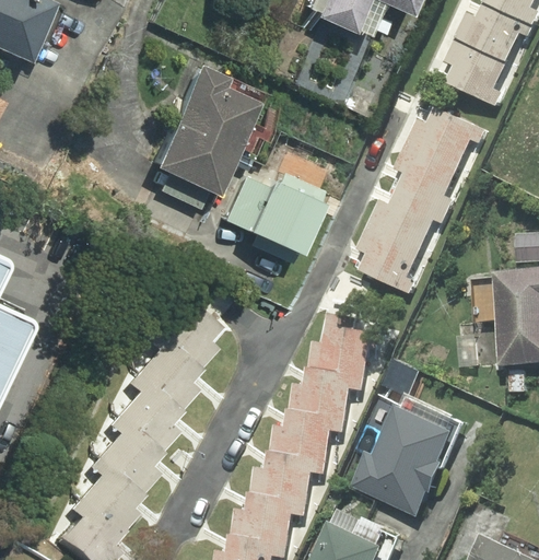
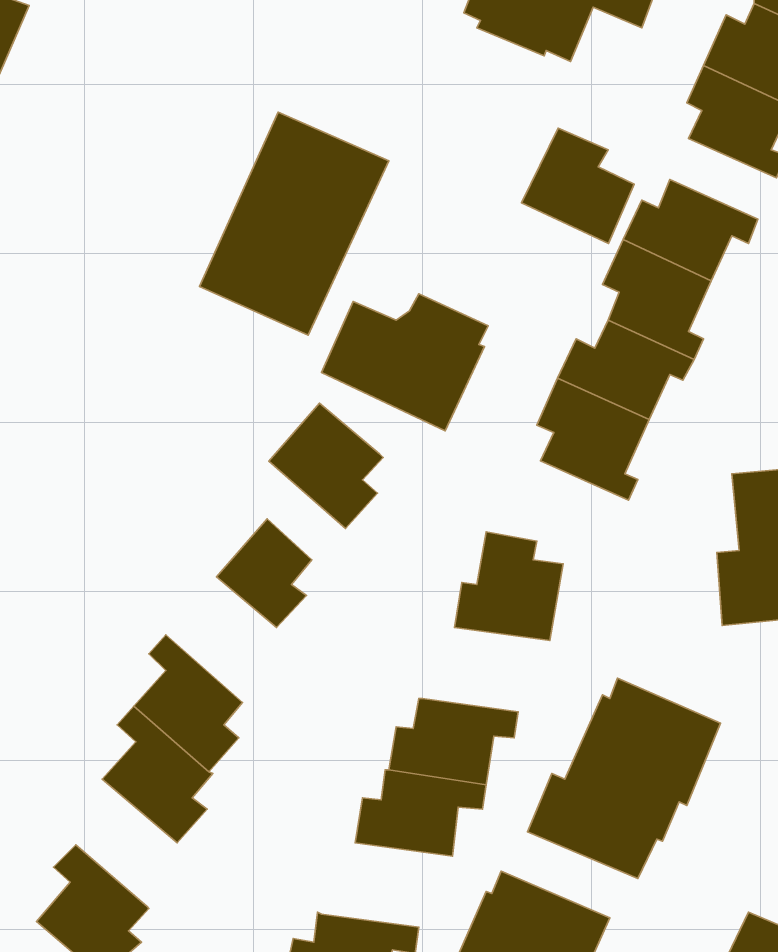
building: none -> [522,128,634,244]
building: [139,338,206,411] -> [269,403,383,529]
building: [289,366,363,417] -> none
building: [86,456,148,530] -> none
building: [230,493,306,542] -> none

